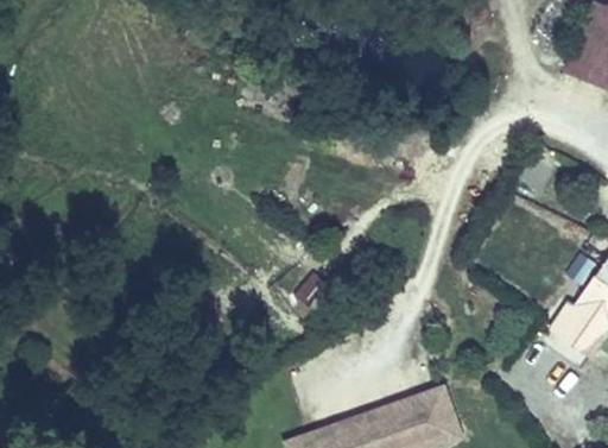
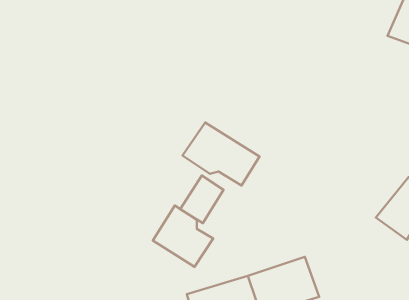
building: none -> [182,123,259,186]
building: none -> [153,206,213,267]

